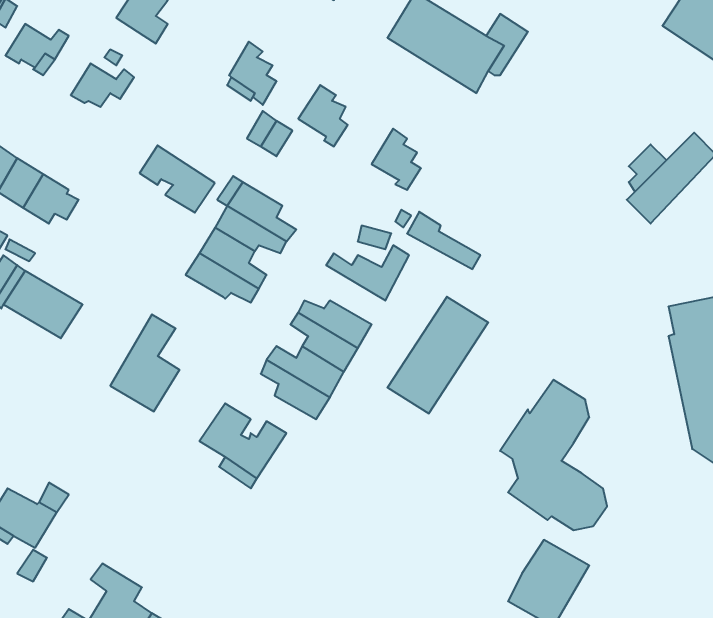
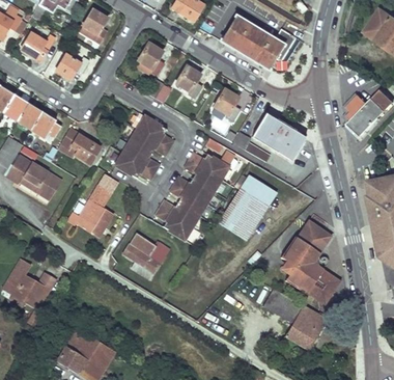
building: [140,145,215,213] -> [60,128,100,163]
building: none -> [251,113,304,159]
building: none -> [185,159,220,190]
building: none -> [262,288,303,321]

